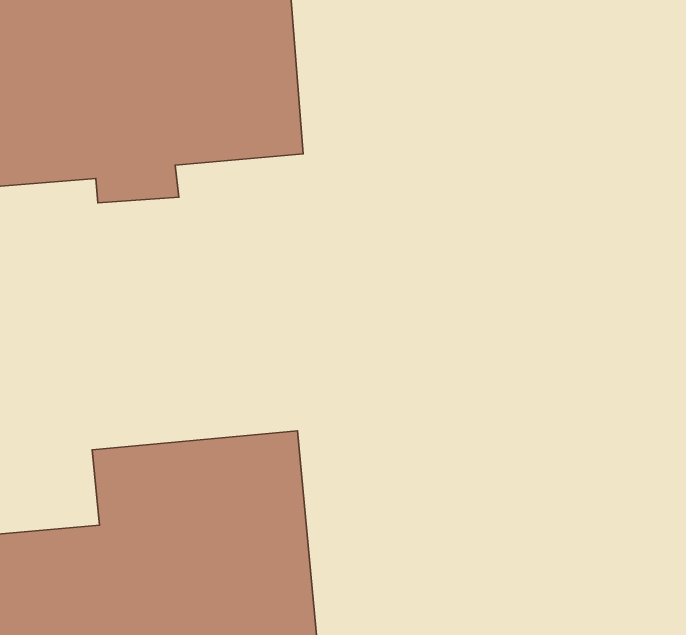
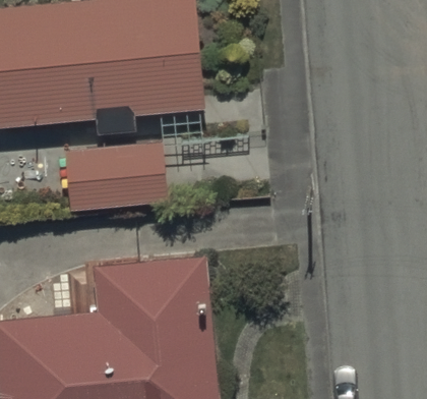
building: none -> [64,146,171,214]

